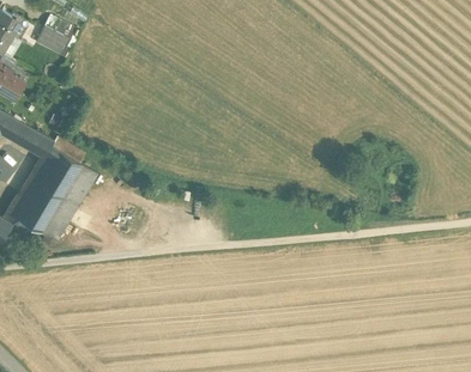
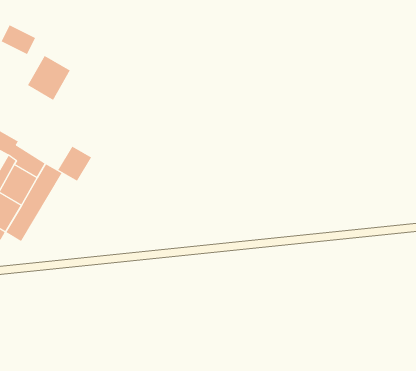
building: none -> [27,55,71,101]
building: none -> [58,146,92,182]

